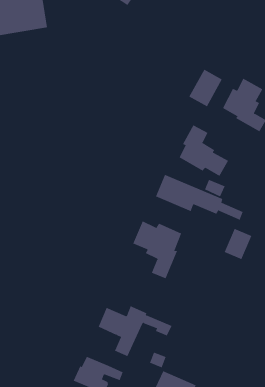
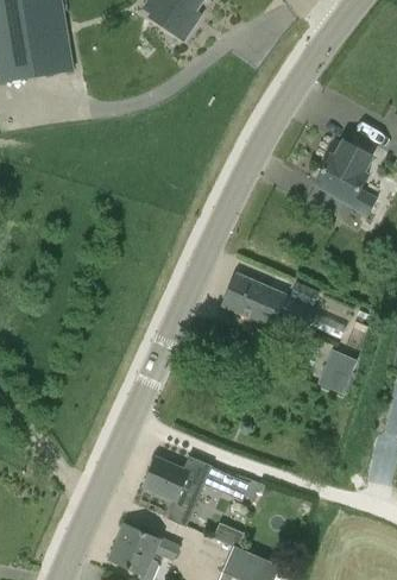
building: [189,69,223,107] -> none
building: [179,125,229,177] -> none
building: [132,221,182,279] -> none

